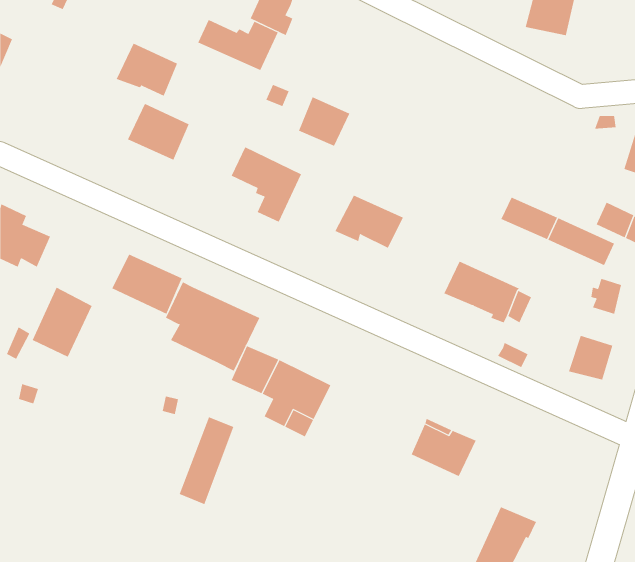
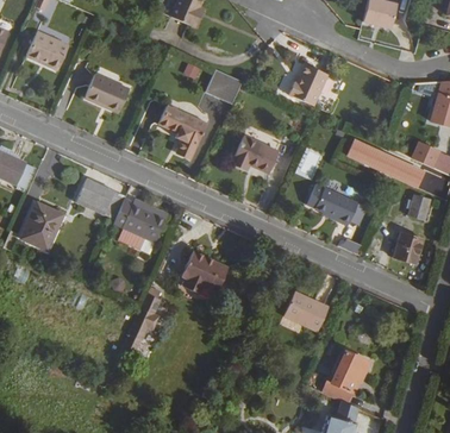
building: [198,19,278,71] -> none
building: [116,43,178,96] -> [27,31,70,68]
building: none -> [285,67,323,106]

